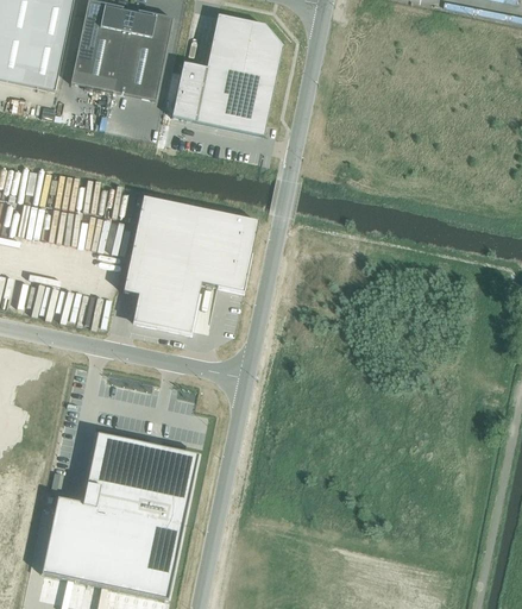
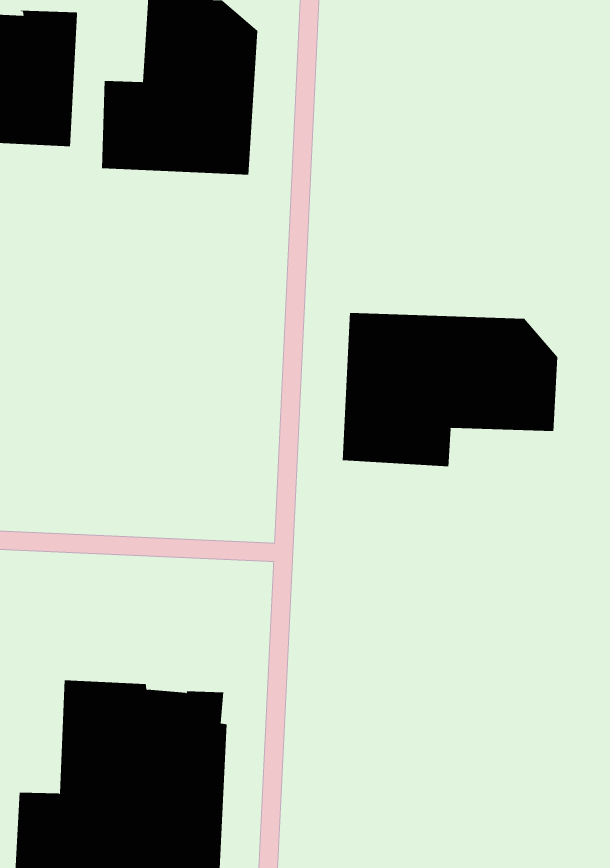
building: [122,195,258,332] -> none
building: none -> [342,312,558,467]

